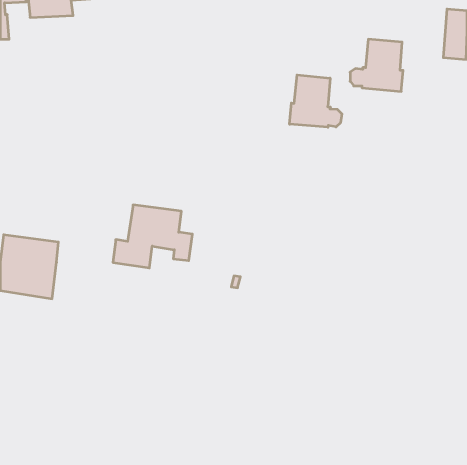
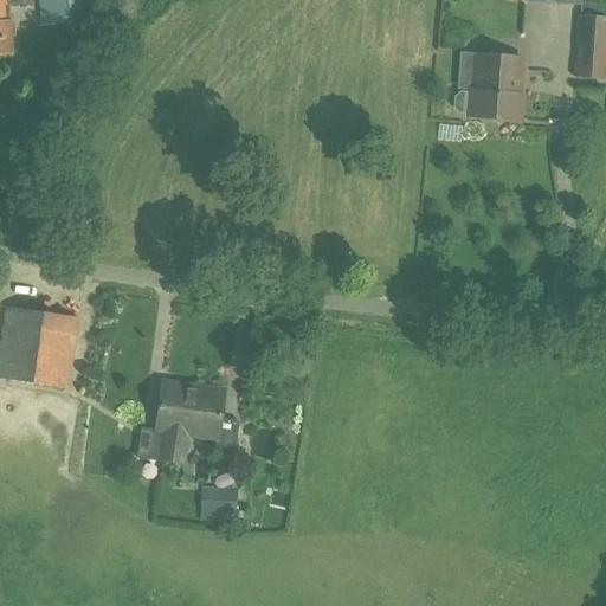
building: [290,75,342,127] -> none
building: [113,205,192,268] -> [136,380,239,462]
building: none -> [200,485,237,520]

